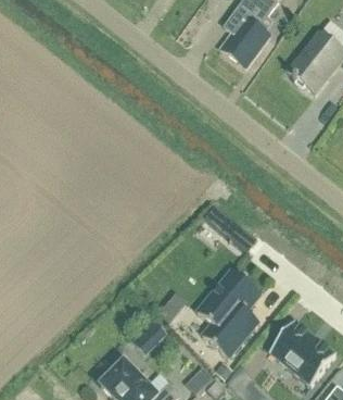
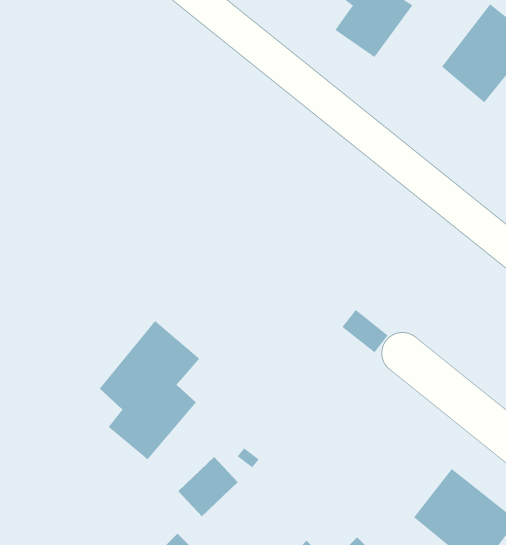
building: [198,268,261,355] -> [99,320,200,460]

